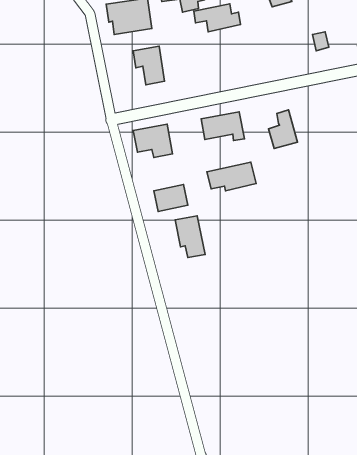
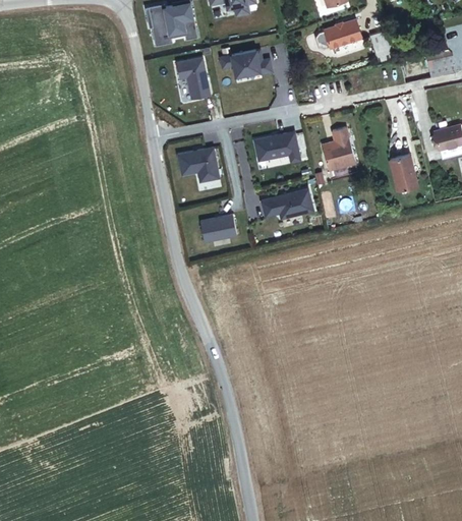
building: [194,4,240,32] -> [217,48,270,79]
building: none -> [328,22,367,53]
building: none -> [392,157,420,192]
building: [175,216,205,258] -> none

